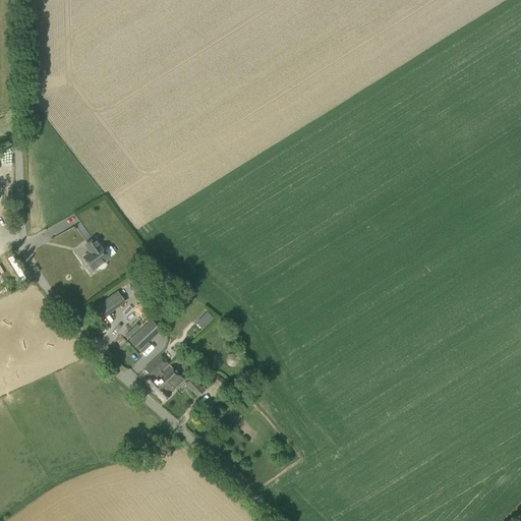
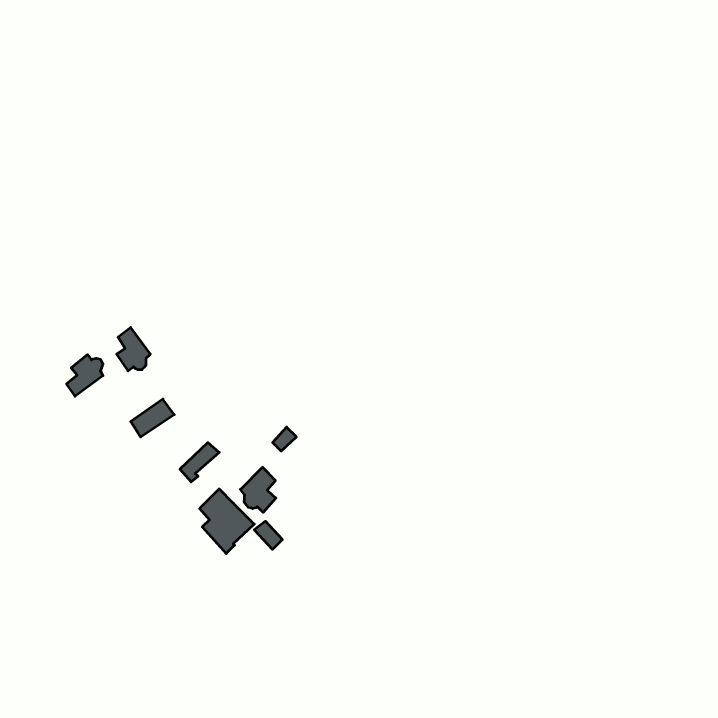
building: none -> [67,355,103,396]
building: none -> [240,467,276,512]

